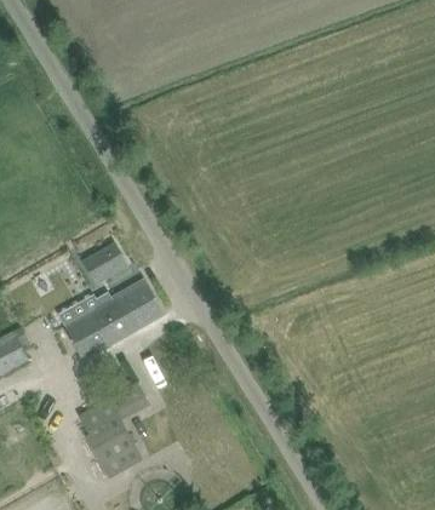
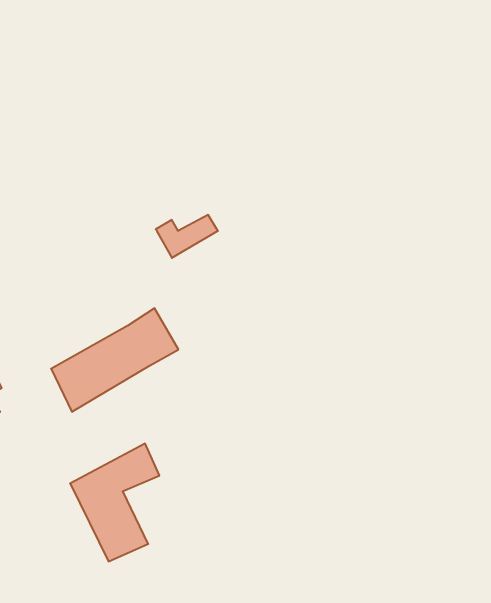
building: [79,252,126,285] -> [156,215,218,258]

